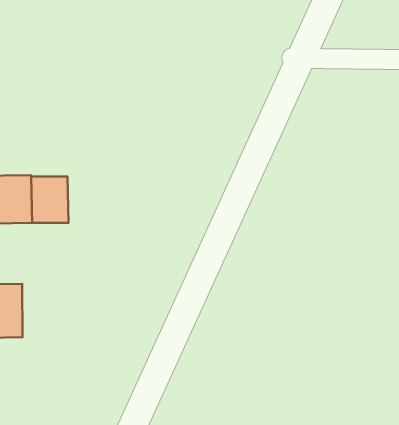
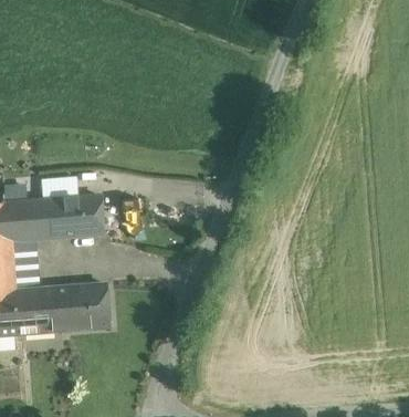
building: none -> [69,281,107,326]

